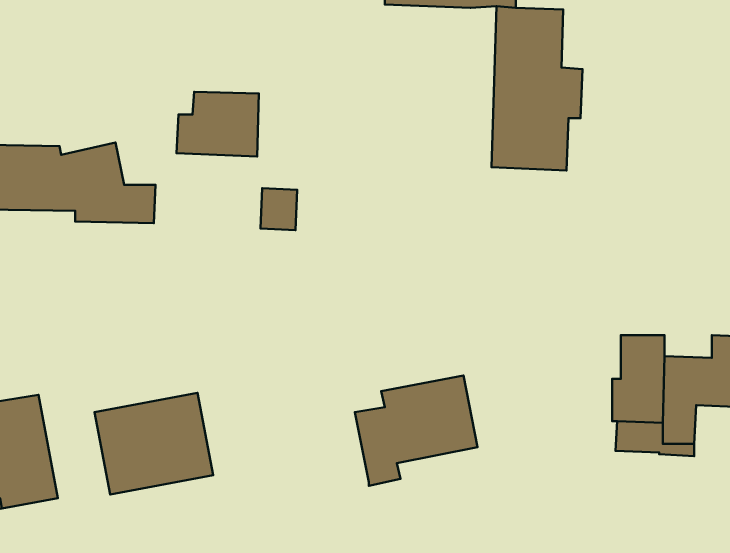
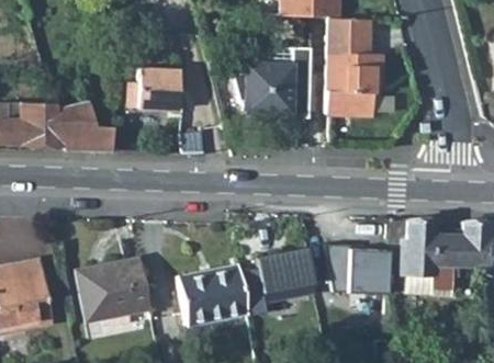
building: none -> [229,48,312,117]
building: none -> [325,246,391,294]
building: none -> [178,265,249,326]

